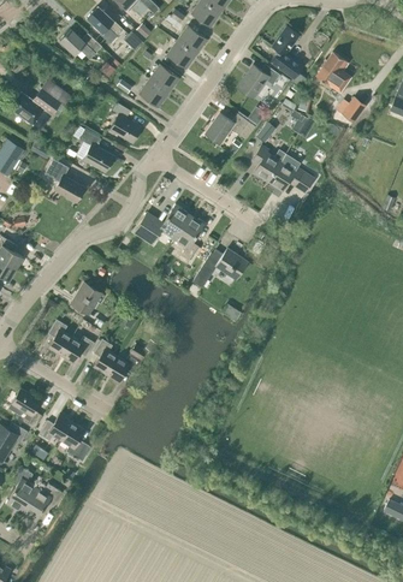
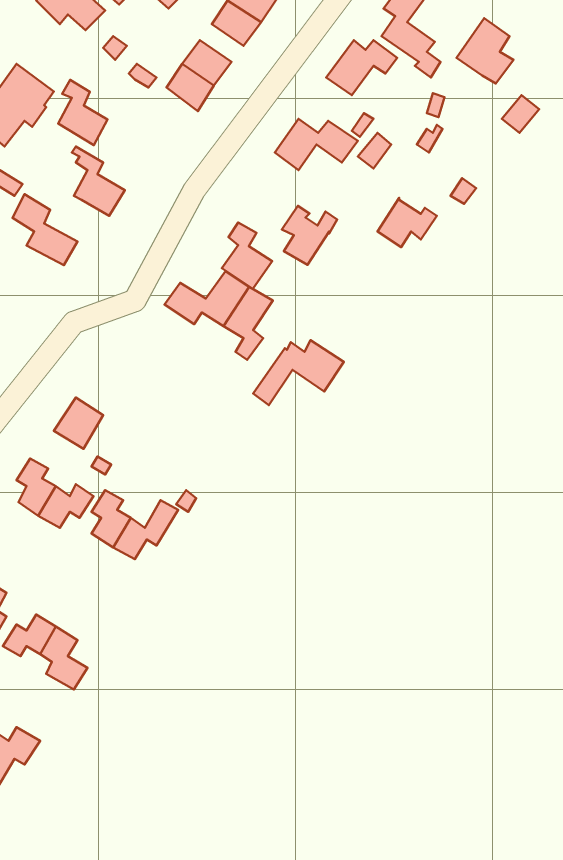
building: [111,103,141,143] -> [58,80,107,145]
building: [253,146,286,182] -> [282,206,337,265]
building: none -> [222,223,272,289]

